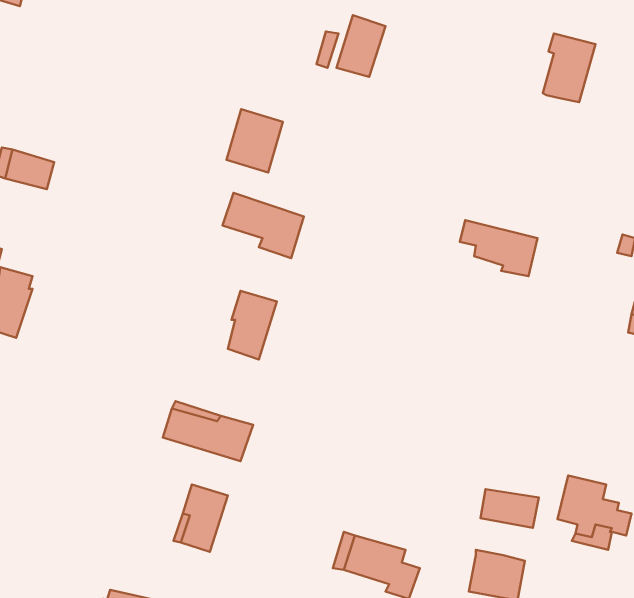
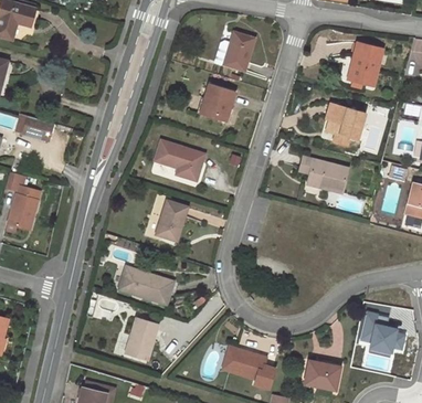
building: [227,109,283,173] -> [200,83,234,121]
building: none -> [326,103,365,145]
building: [480,489,539,528] -> none

